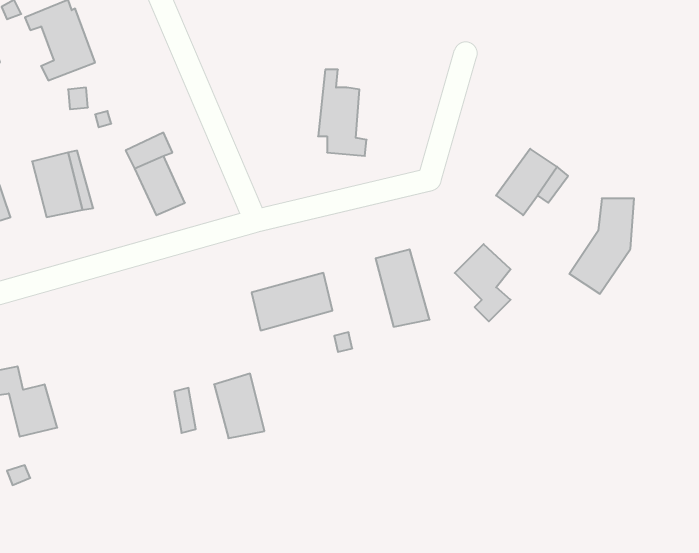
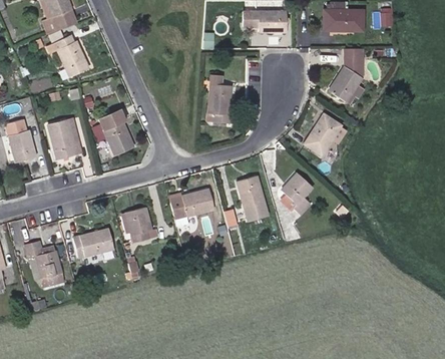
building: [569,198,634,294] -> [328,50,364,103]
building: none -> [70,223,111,254]
building: [214,374,264,438] -> [125,203,153,239]

